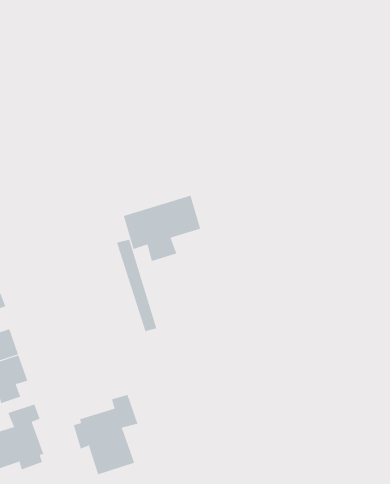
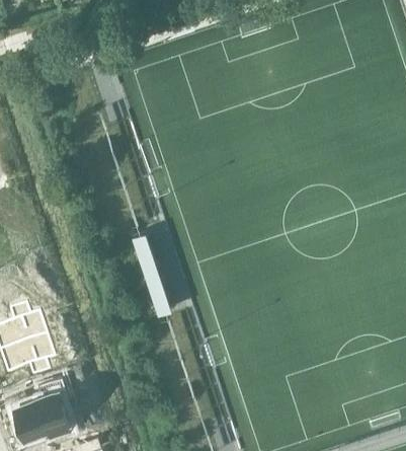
building: [123,195,201,262] -> none
building: [73,394,138,475] -> none

